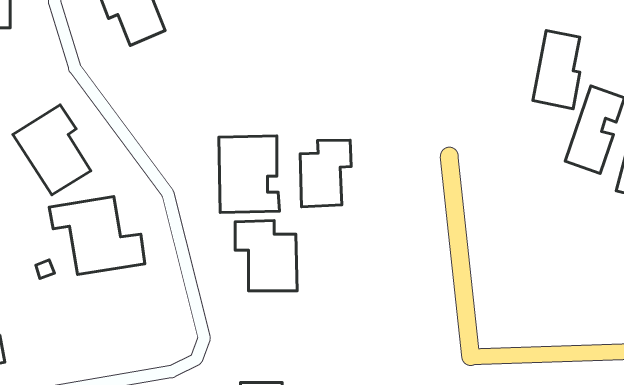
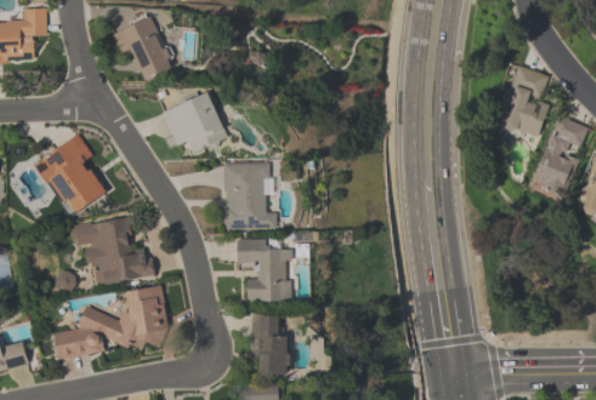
building: none -> [160,91,227,153]
building: [300,140,351,207] -> none
building: none -> [52,285,166,360]
building: none -> [250,314,288,376]

